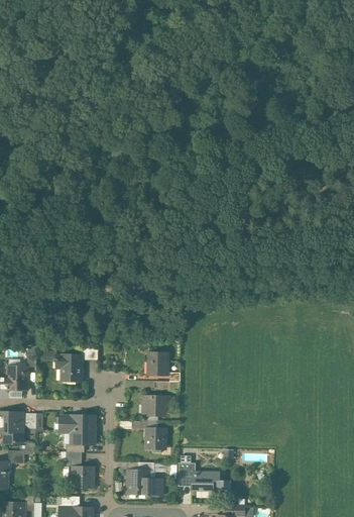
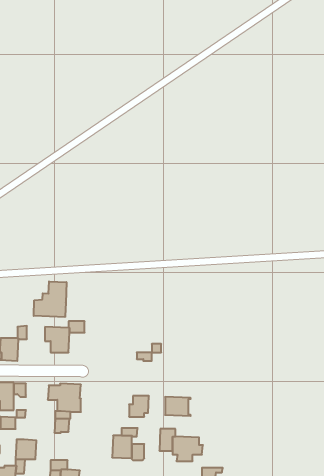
building: none -> [34,281,66,317]
building: [148,352,167,375] -> none
building: [142,395,169,415] -> [165,397,191,416]
building: [72,466,94,487] -> [16,439,36,459]

